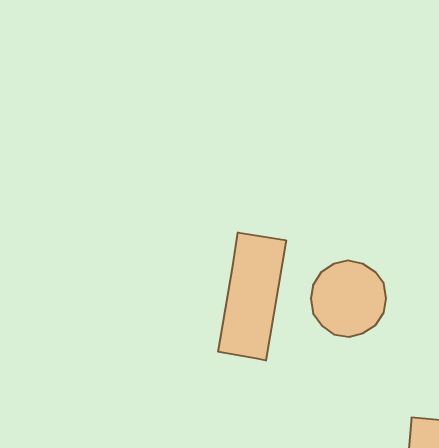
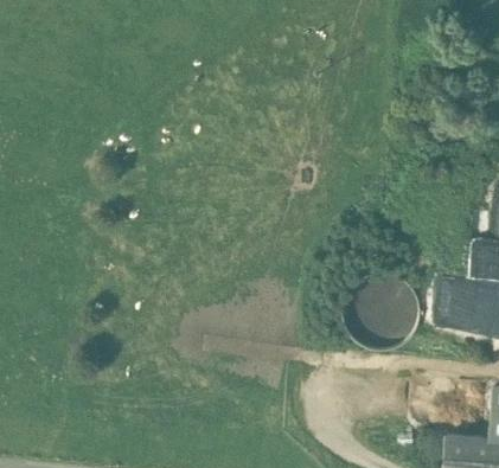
building: [218,232,286,361] -> none

